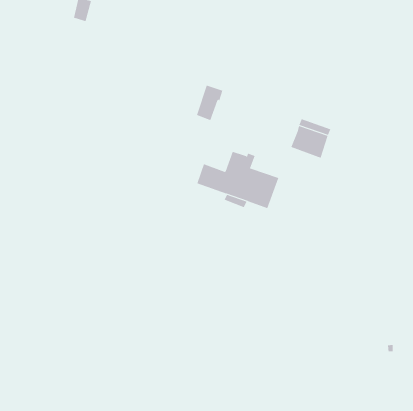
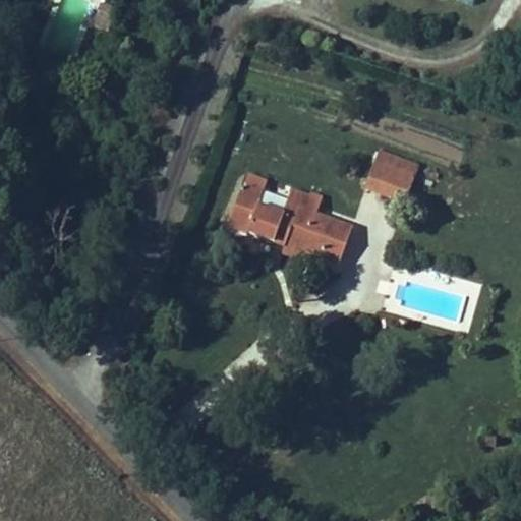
building: [196,85,223,121] -> [230,185,264,230]

